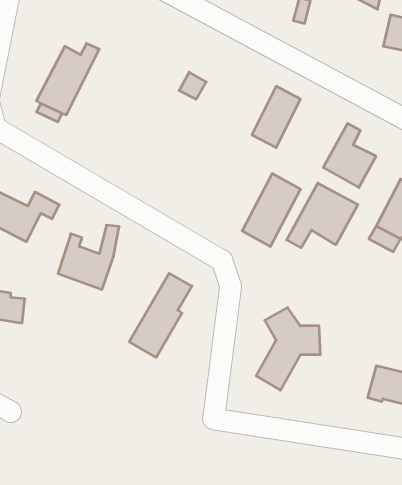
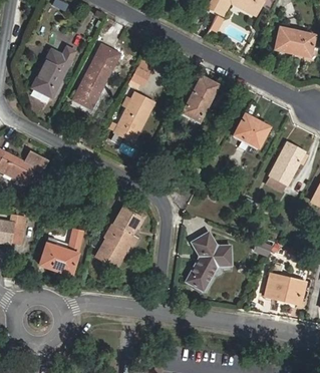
building: none -> [73,47,118,108]
building: [242,174,301,246] -> [113,92,154,143]
building: [287,183,358,248] -> none
building: [58,225,119,289] -> [39,231,82,276]

